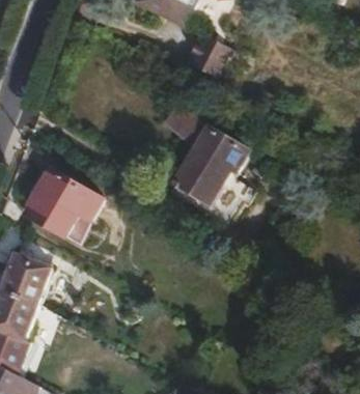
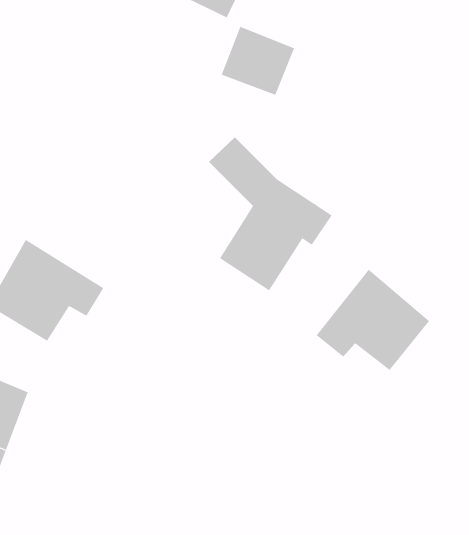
building: none -> [316,269,430,371]

